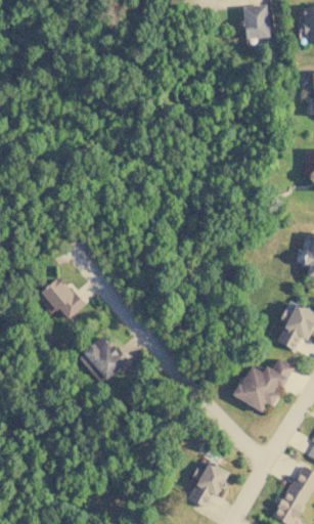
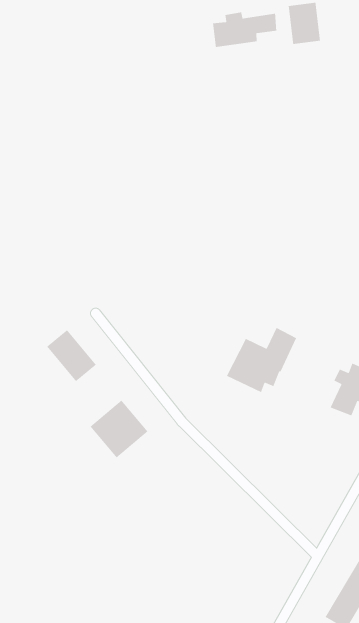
building: none -> [212,12,277,48]
building: [233,356,293,411] -> [226,327,297,393]
building: [189,462,228,509] -> none

